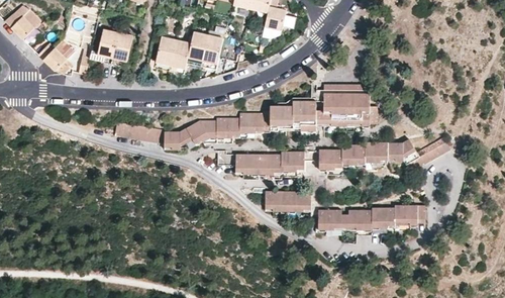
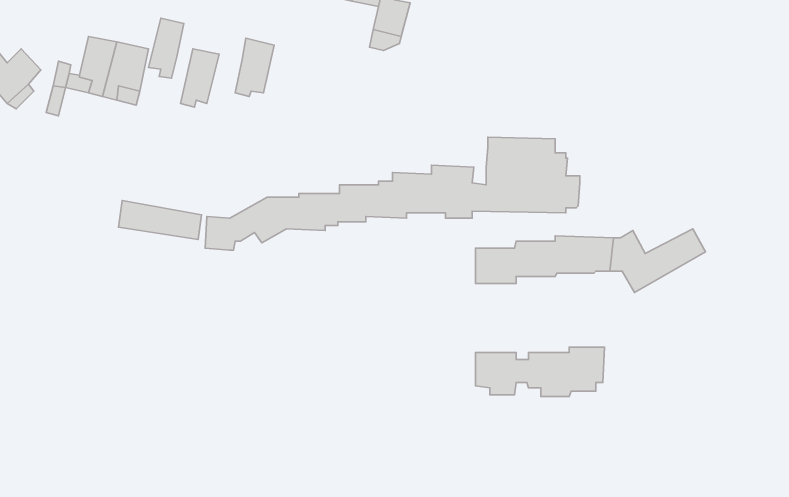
building: [200,33,221,68] -> none
building: [168,38,188,73] -> [148,18,184,78]
building: [218,150,306,173] -> none
building: [268,190,313,210] -> none
building: [394,204,427,226] -> none

